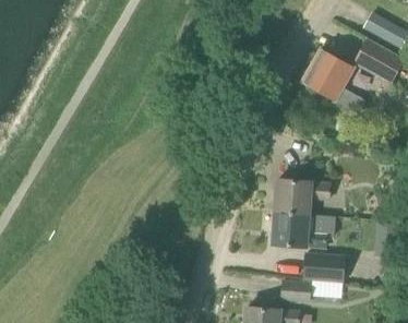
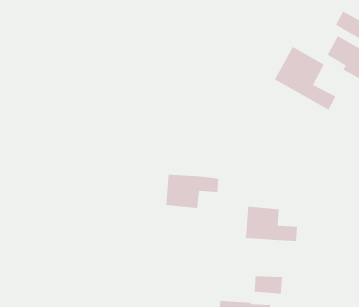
building: [275,179,329,214] -> [166,174,219,208]
building: [302,254,339,279] -> none

